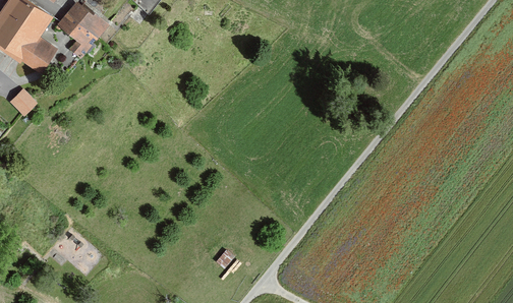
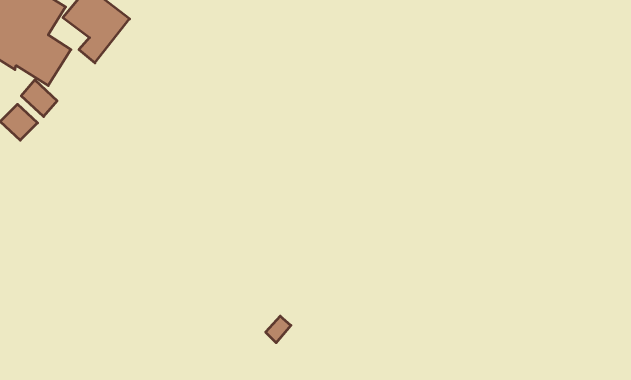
building: none -> [21,80,57,117]

